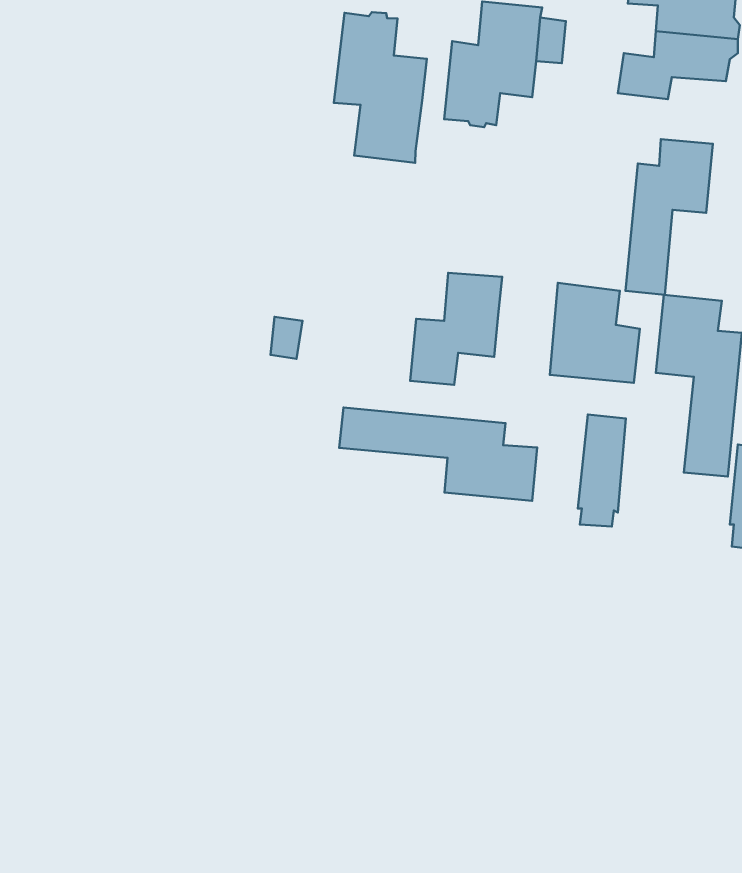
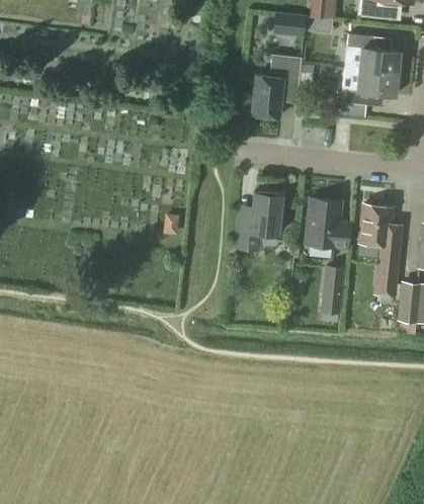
building: [334,12,427,163] -> none
building: [625,139,713,295] -> none
building: [339,408,537,501] -> none

